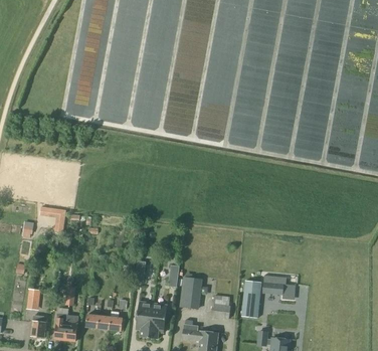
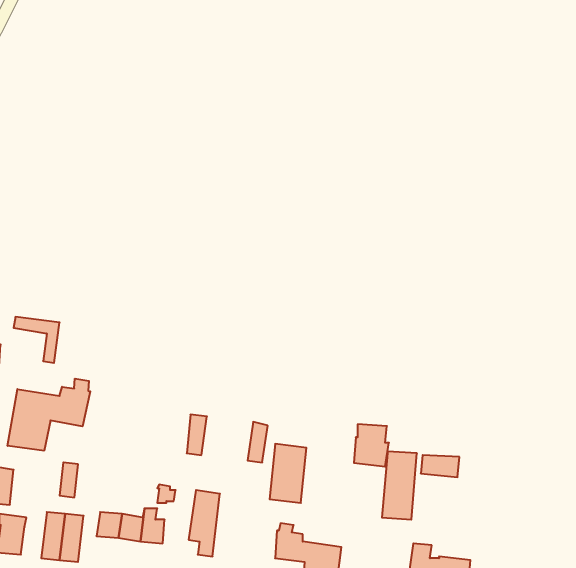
building: none -> [8,379,90,451]
building: [211,296,230,319] -> [354,424,389,467]
building: [149,304,167,339] -> none

